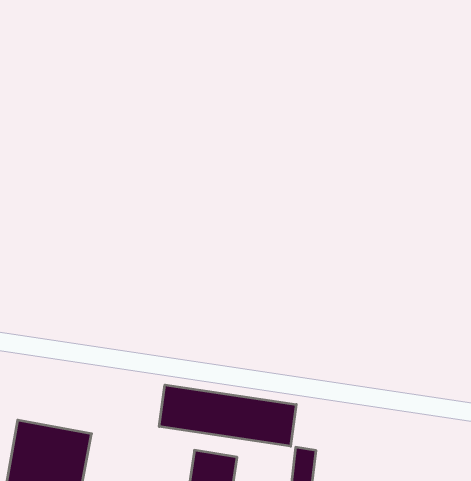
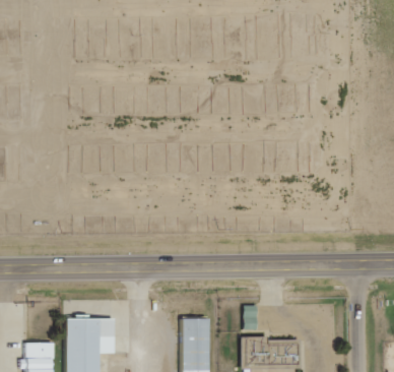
building: [159,385,296,446] -> none

